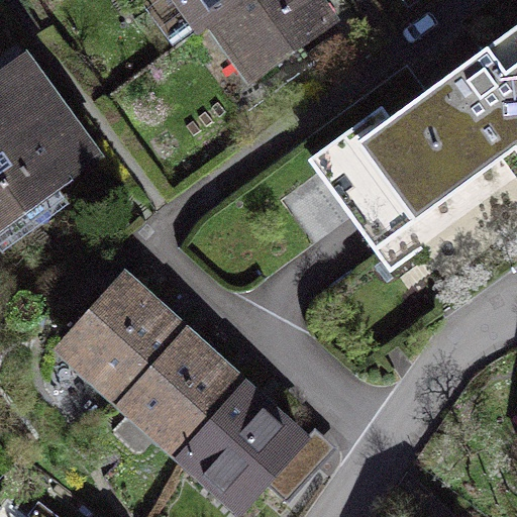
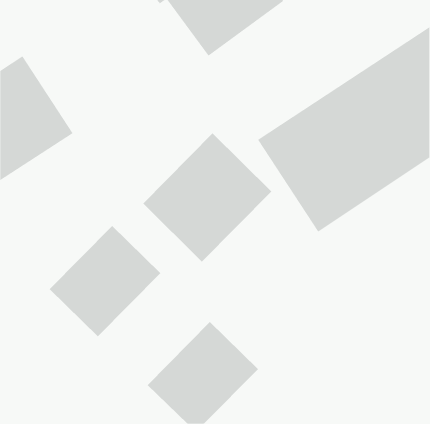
building: none -> [142,132,272,263]
building: [117,327,251,461] -> none

